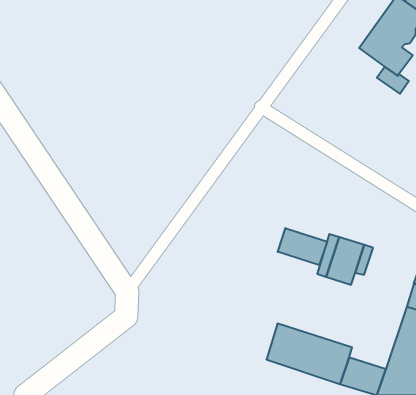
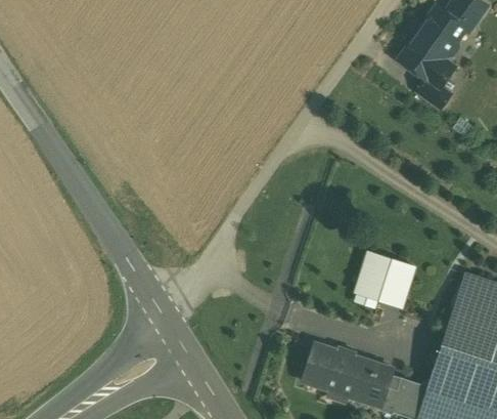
building: [278,228,327,265] -> none

